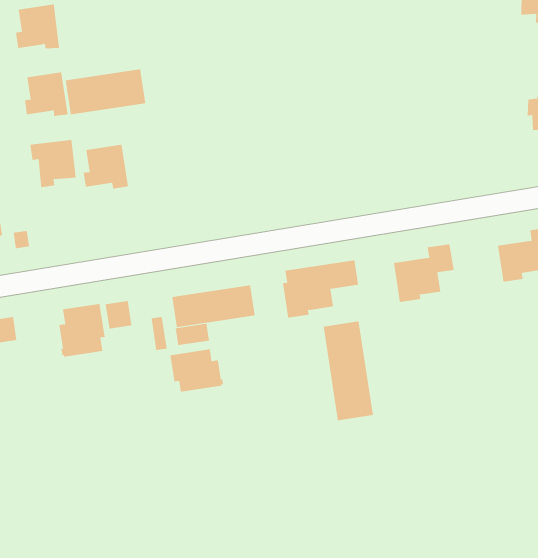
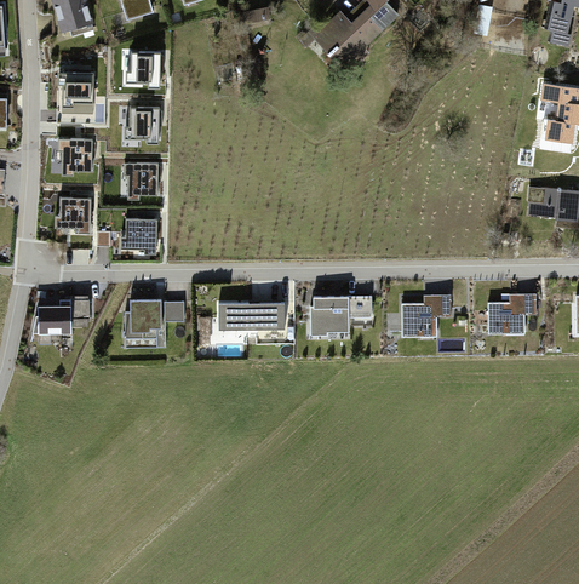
building: [65,68,146,115] -> none
building: [83,144,129,189] -> [121,218,156,253]
building: [323,321,374,421] -> none
building: [170,349,223,392] -> none

